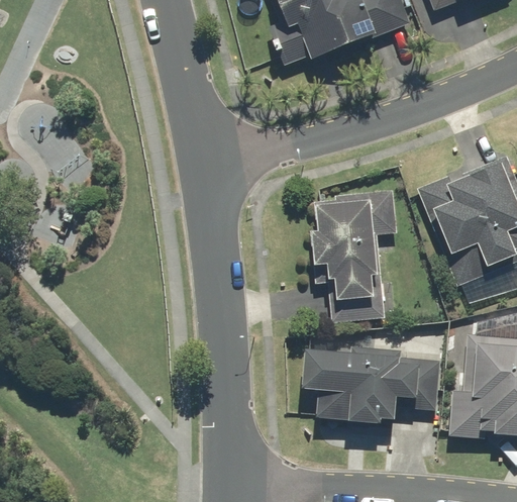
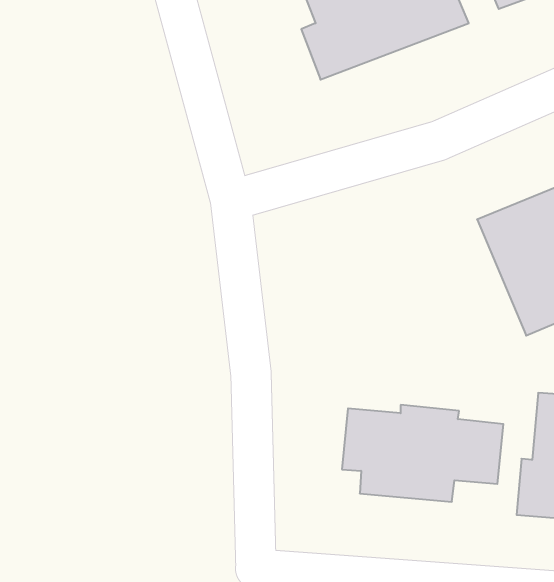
building: [311,189,398,323] -> none

